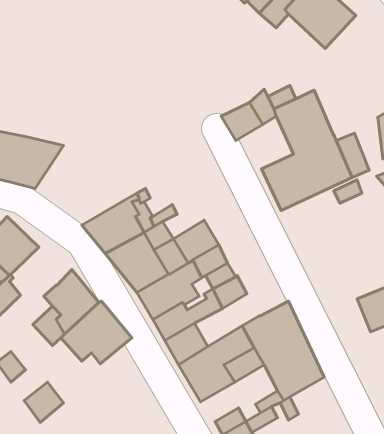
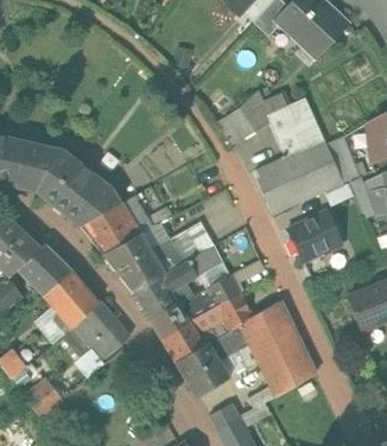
building: none -> [36,149,121,227]
building: none -> [287,211,342,260]
building: none -> [17,243,71,295]
building: none -> [190,293,253,336]

